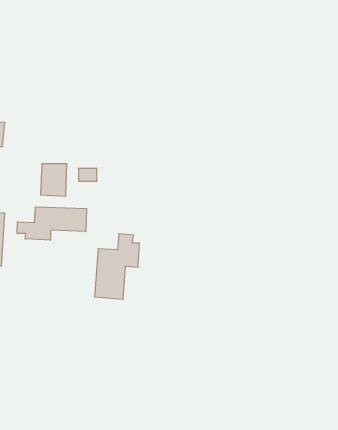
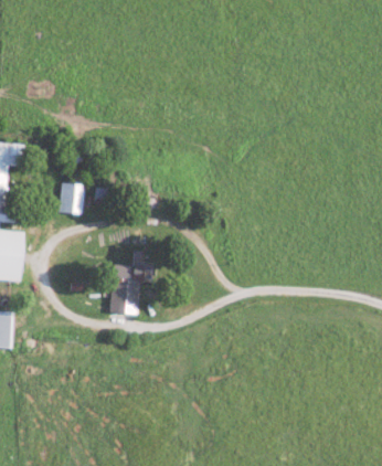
building: [17,207,86,240] -> none

